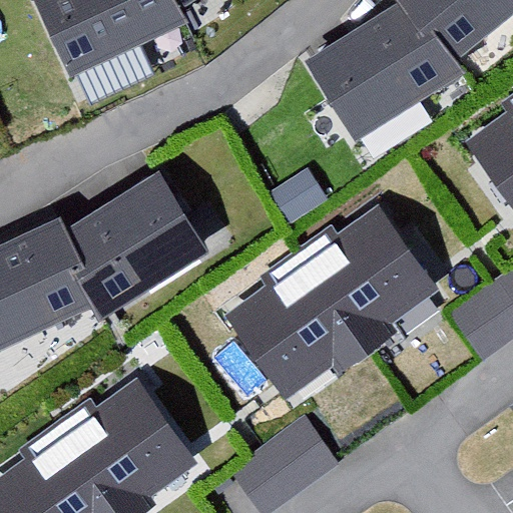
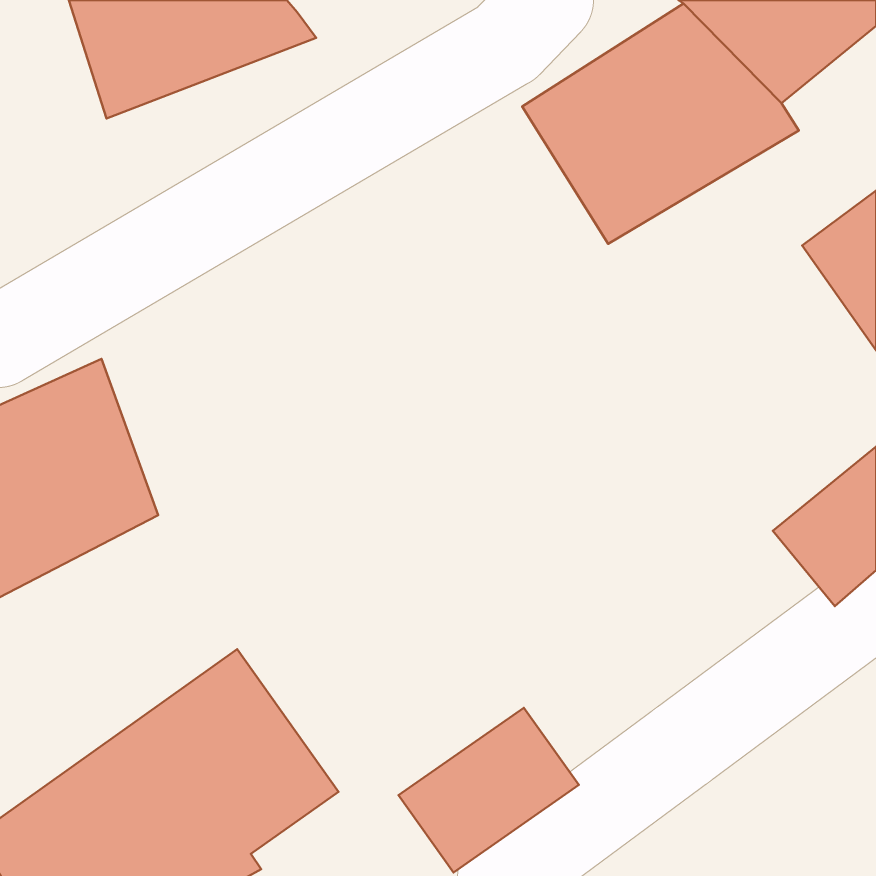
building: [59,156,215,314] -> none
building: [225,207,438,399] -> none

